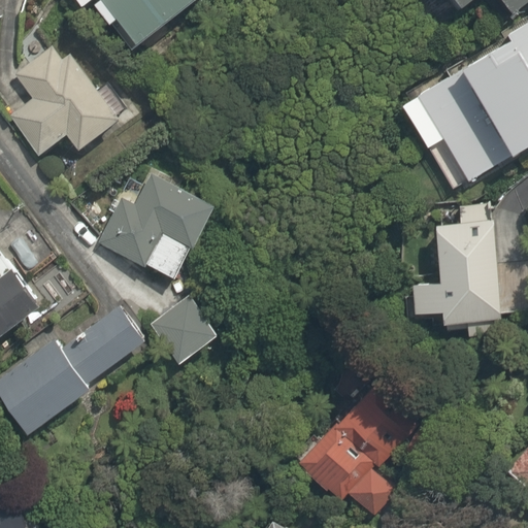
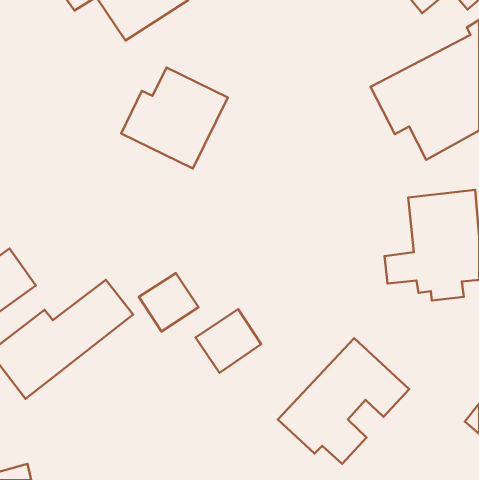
building: [9,48,116,157] -> none
building: [97,174,213,285] -> [121,67,228,168]
building: none -> [195,309,261,373]

